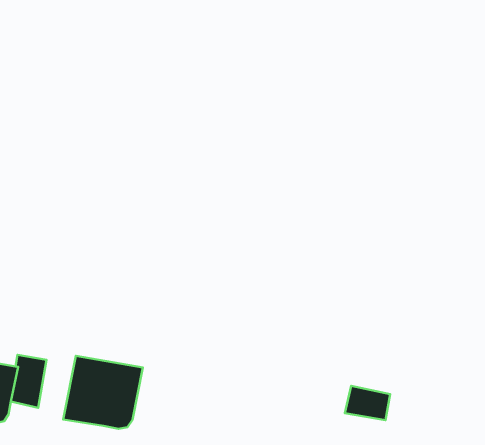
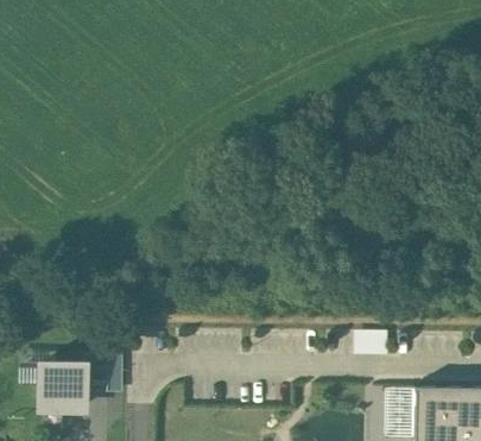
building: [63,356,143,429] -> none

